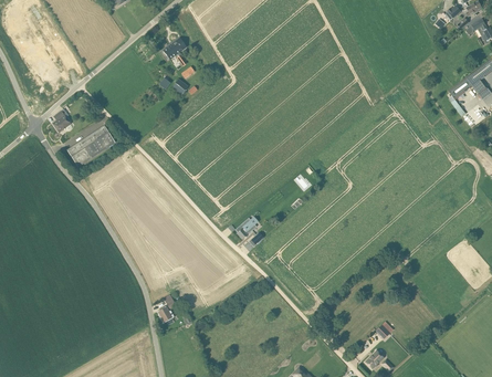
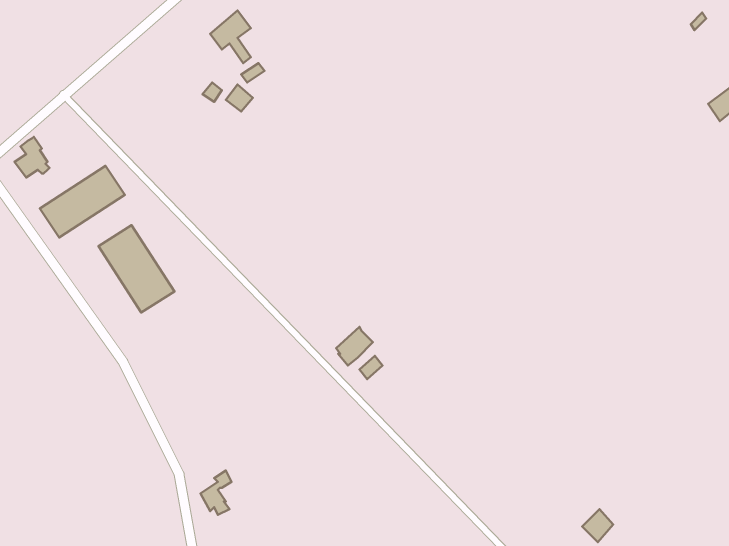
building: none -> [98,225,174,312]

